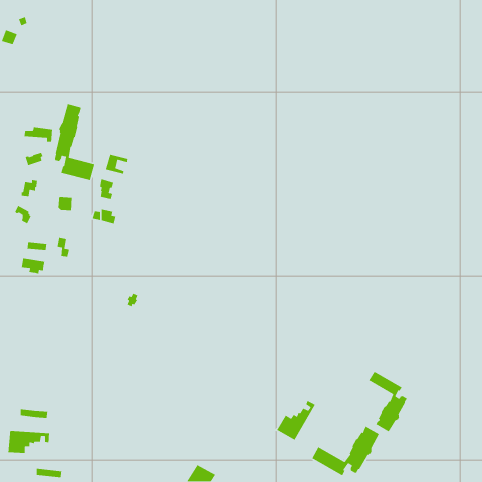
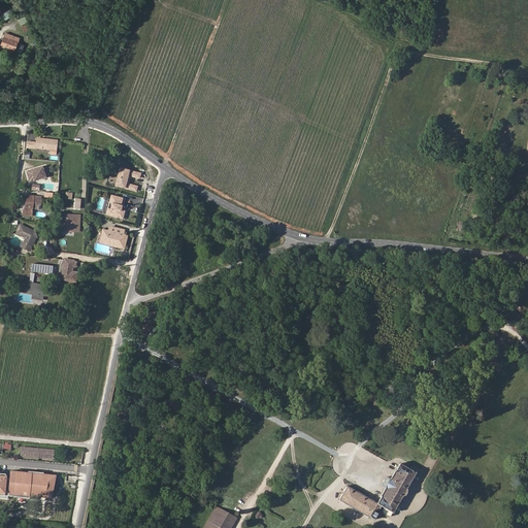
building: [54,103,95,181] -> none
building: [368,371,408,433] -> none
building: [276,400,316,441] -> none

